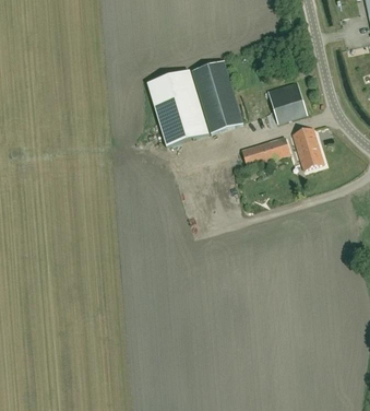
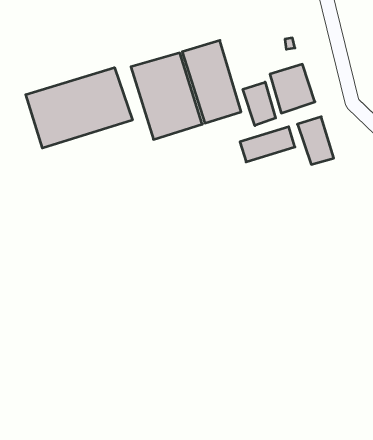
building: none -> [26,68,132,148]
building: none -> [243,82,276,126]

